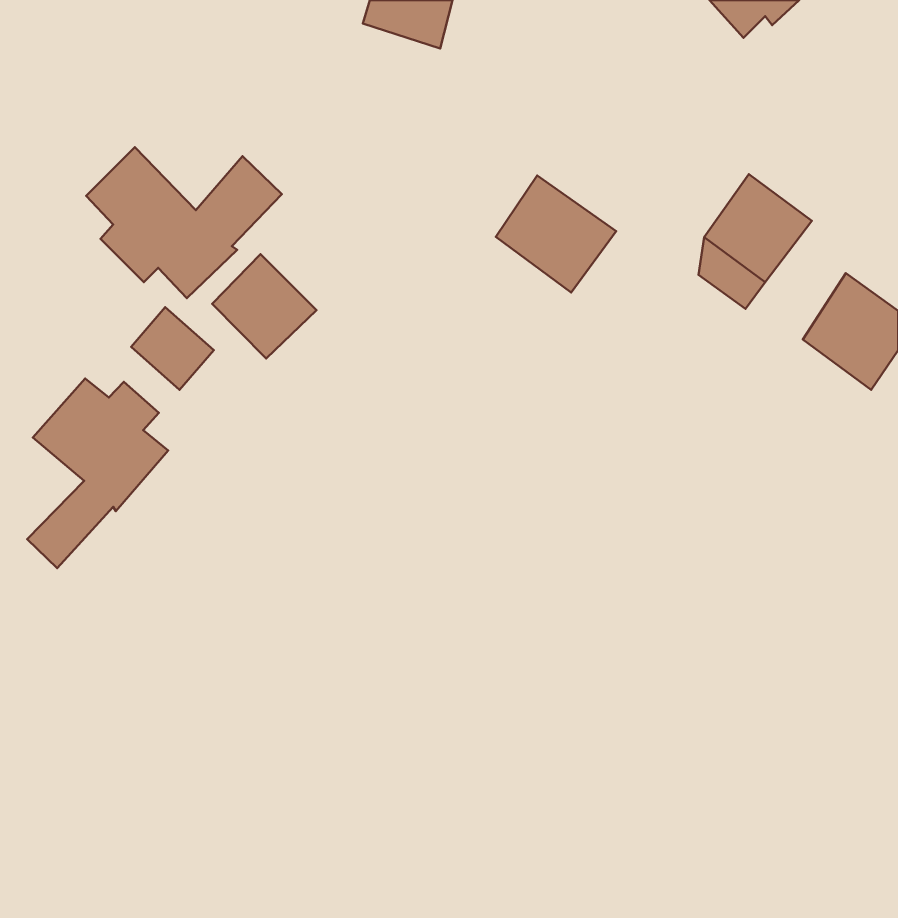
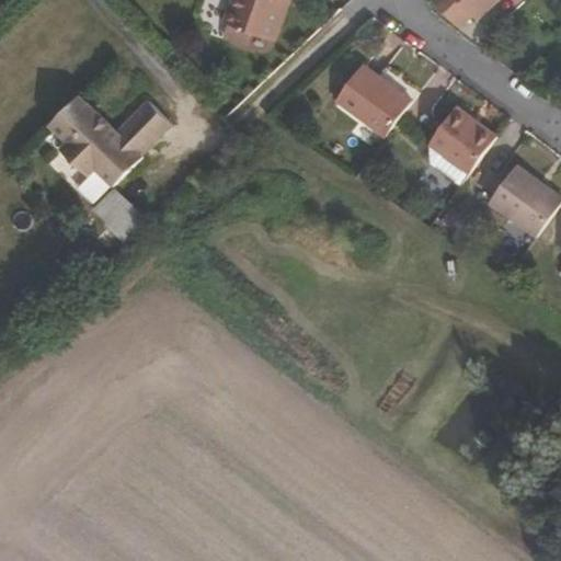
building: [496,176,616,292] -> [337,65,411,136]
building: [212,254,316,358] -> none
building: [27,379,168,568] -> none

